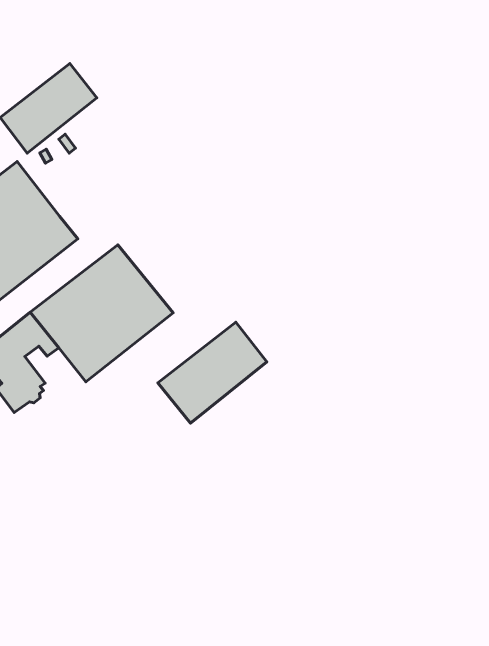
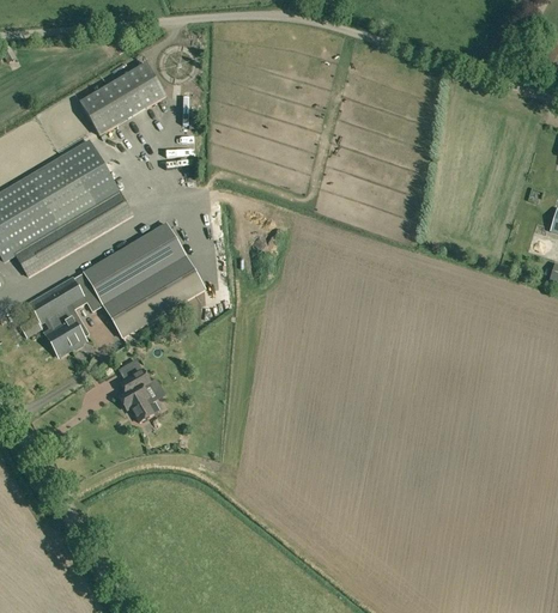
building: [158,322,267,423] -> none
building: none -> [119,368,154,420]

